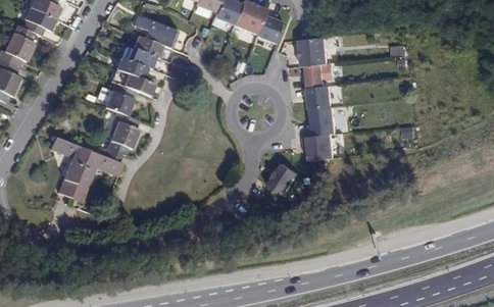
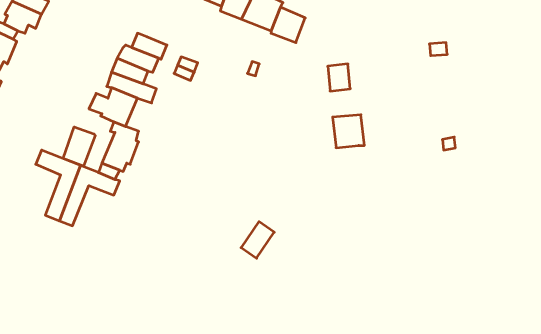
building: [135,15,179,49] -> none
building: [297,36,327,65] -> none
building: [305,83,332,108] -> none
building: none -> [63,127,95,166]
building: [303,133,333,159] -> none
building: [264,162,293,194] -> [241,222,274,258]

